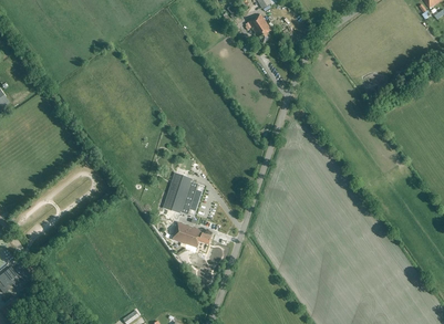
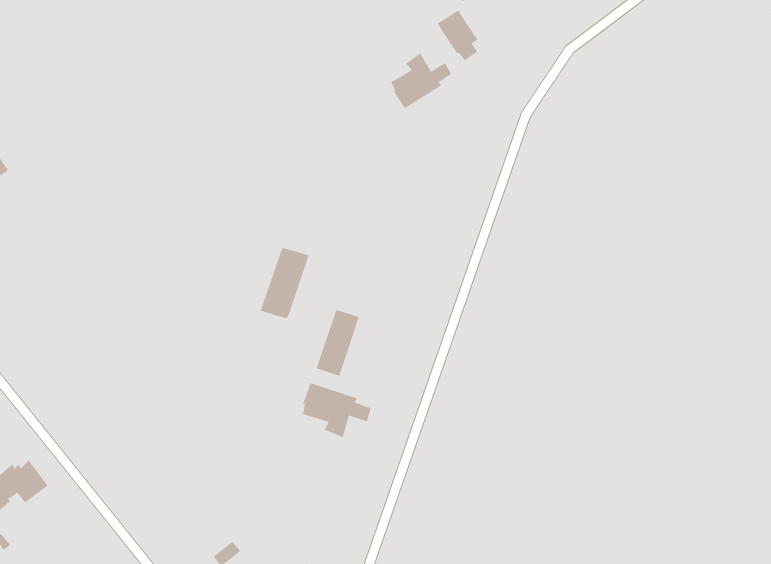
building: none -> [390,52,452,109]
building: [163,175,190,215] -> [260,247,309,319]

